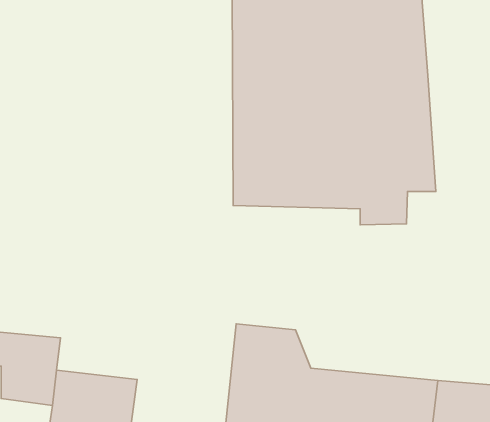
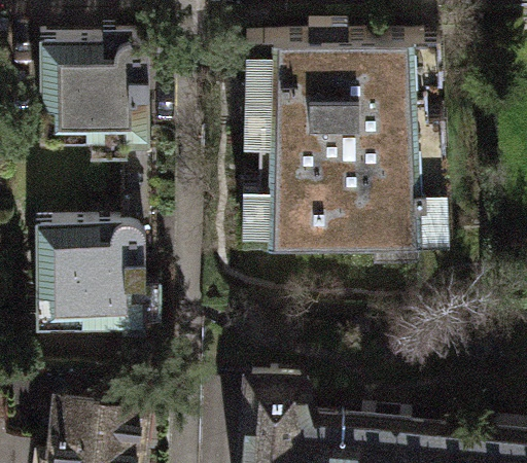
building: none -> [40,39,151,151]
building: none -> [34,225,145,337]

